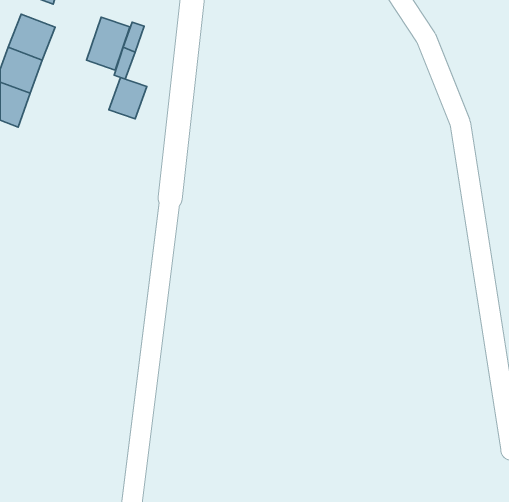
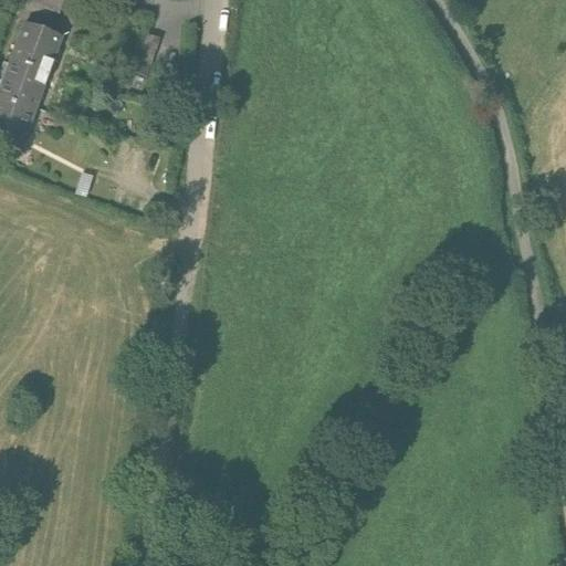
building: [86,17,130,70] -> none
building: [109,77,147,119] -> none

